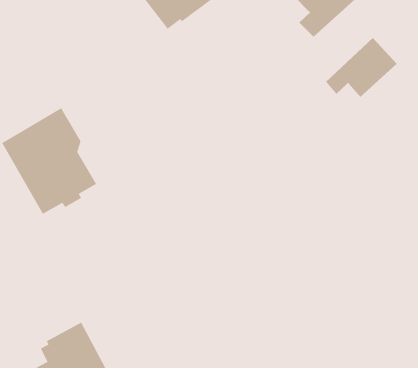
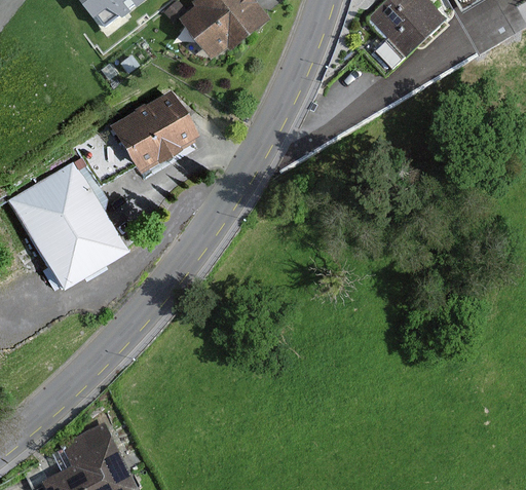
building: [325,37,397,98] -> none
building: none -> [107,89,195,173]

